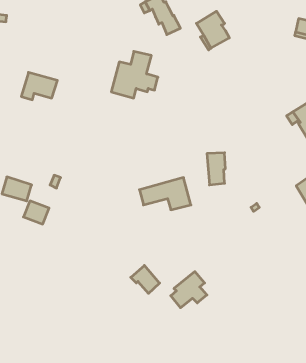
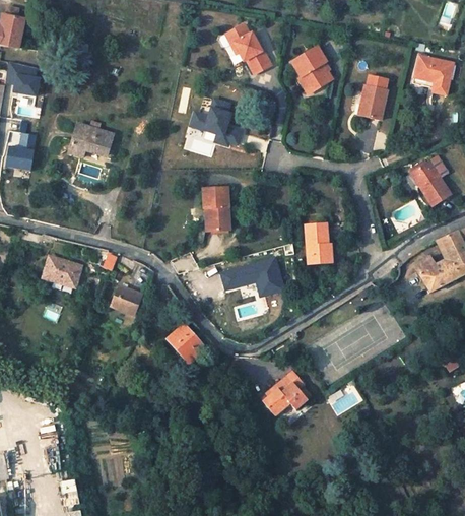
building: none -> [359,75,387,121]
building: none -> [203,187,231,231]
building: [23,201,49,224] -> [111,285,143,315]
building: [131,265,160,293] -> [168,323,204,359]

